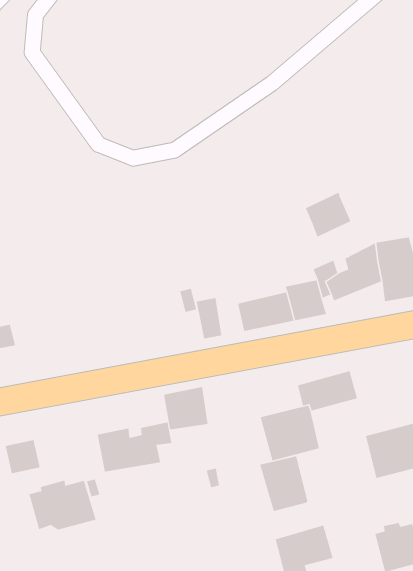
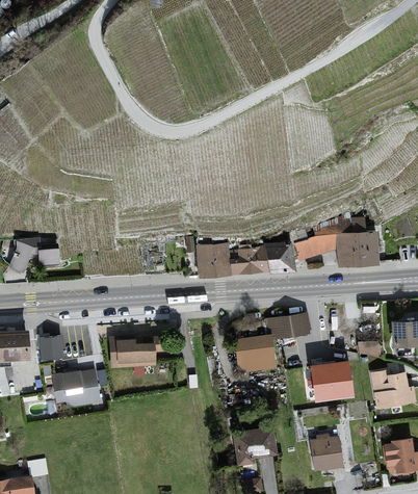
building: [305,192,351,237] -> none
building: none -> [211,245,229,276]
building: [164,386,208,430] -> none
building: [259,455,308,512] -> none

